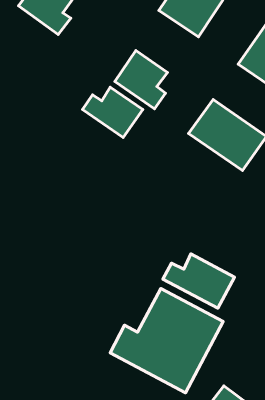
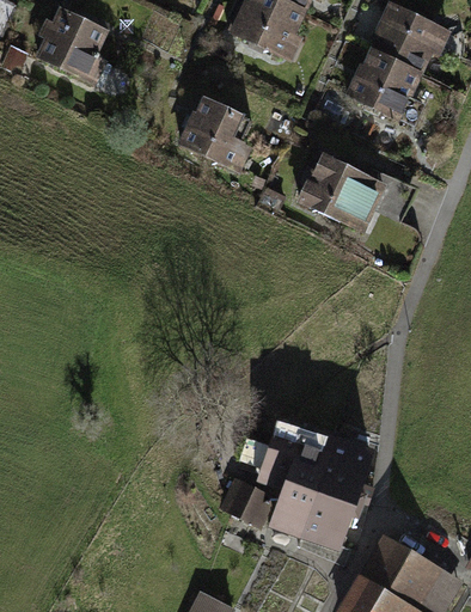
building: [82,87,143,137] -> none
building: [163,254,235,308] -> none

